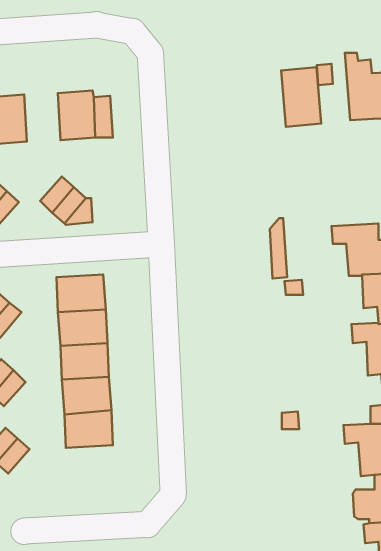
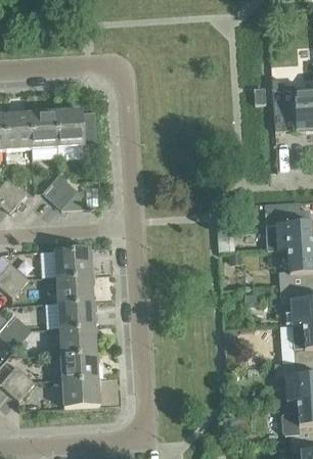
building: [281,67,321,127] -> none
building: none -> [30,109,57,146]
building: none -> [61,377,99,406]

